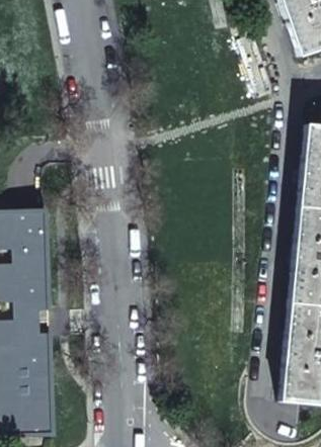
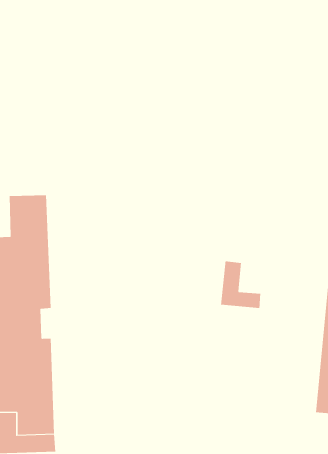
building: none -> [220,260,261,309]

